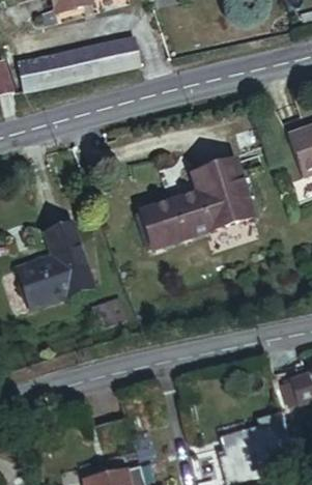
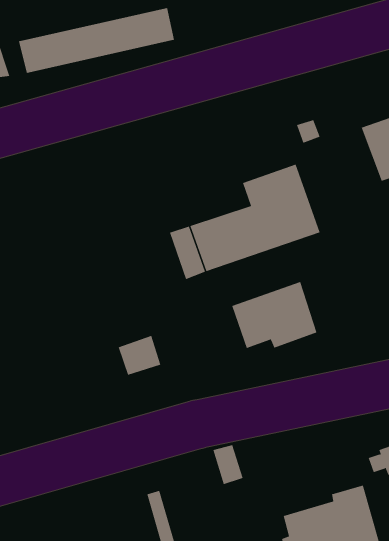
building: [18,226,90,305] -> none
building: none -> [231,281,317,349]

